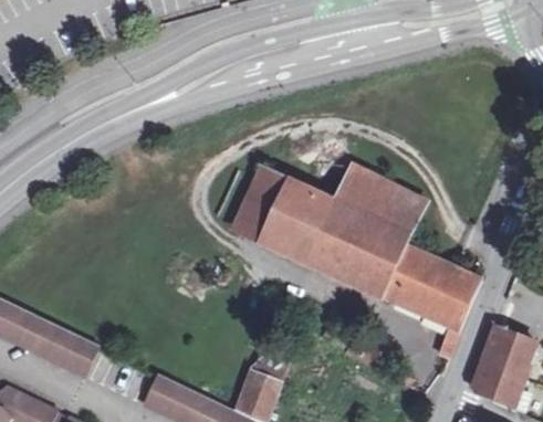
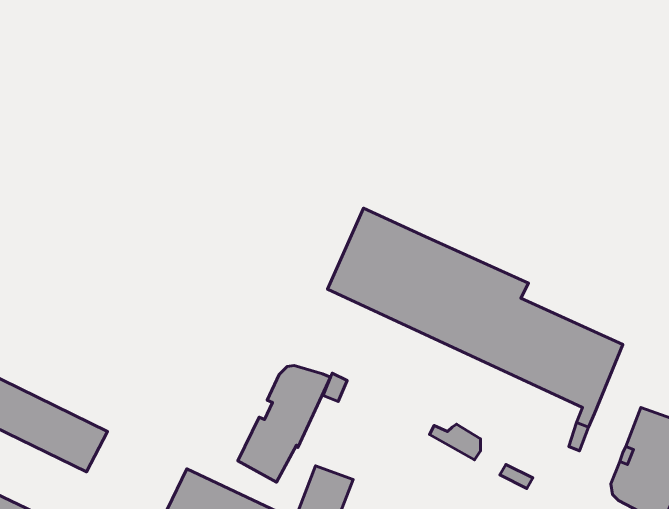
building: [333,165,424,236] -> none
building: [234,170,288,241] -> none
building: none -> [238,365,331,482]

